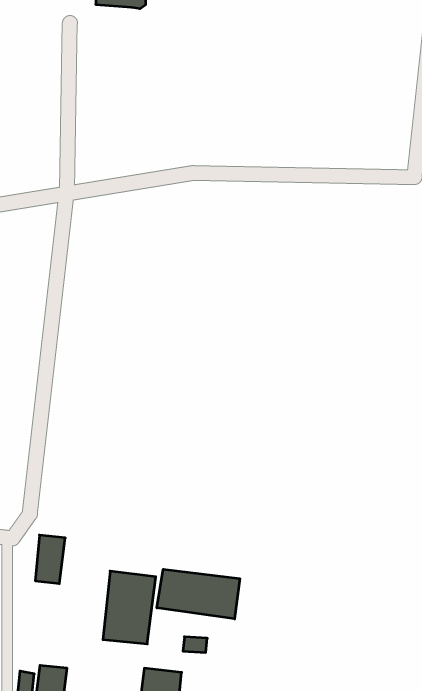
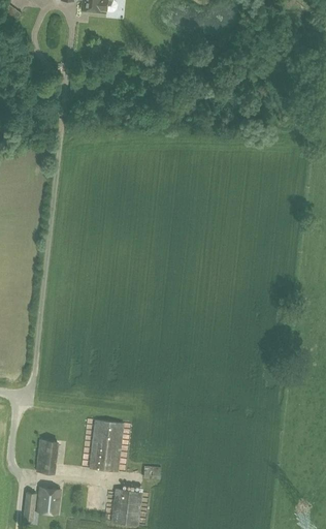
building: [35,535,65,584] -> [36,438,58,473]
building: [157,569,240,619] -> none

